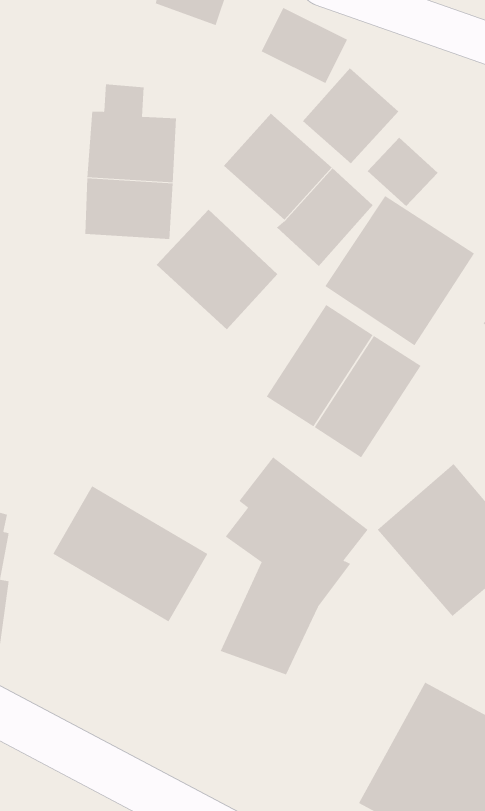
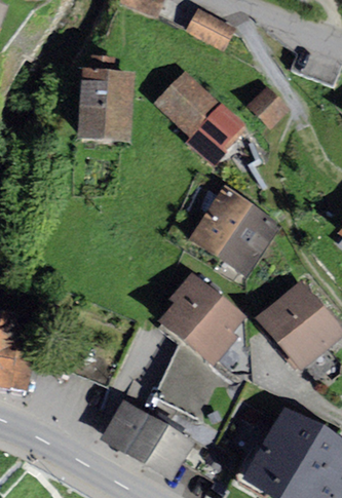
building: [302,68,399,164] -> none
building: [325,195,475,346] -> none
building: [156,209,278,330] -> none
building: [53,486,208,622] -> [99,399,192,482]

